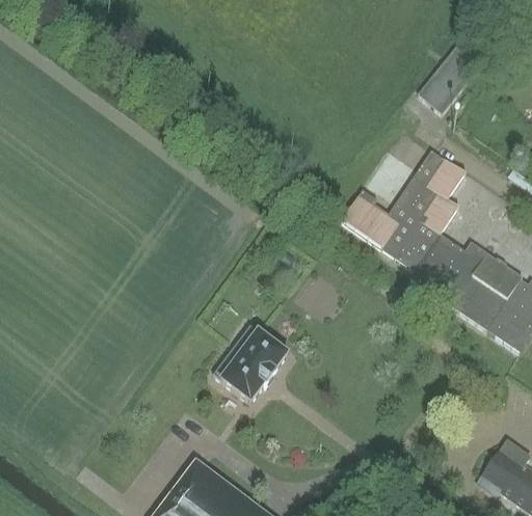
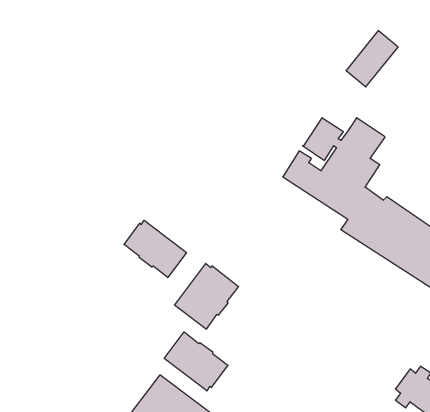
building: none -> [124,220,187,278]
building: none -> [164,332,228,391]

